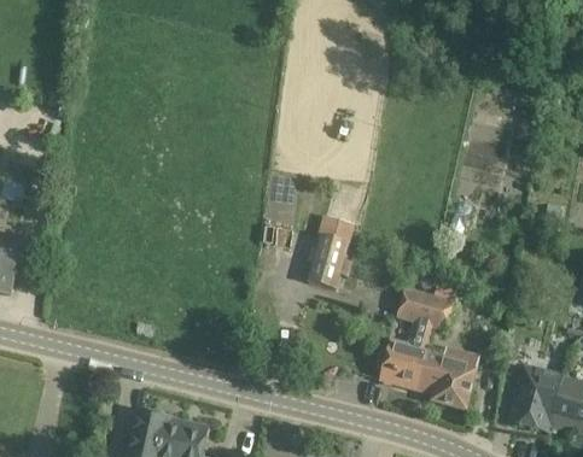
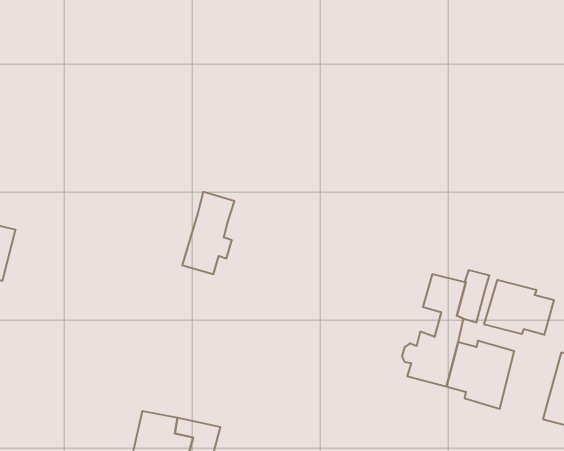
building: [305,216,354,292] -> [182,192,234,274]
building: none -> [484,280,554,335]

